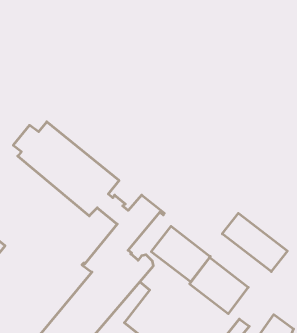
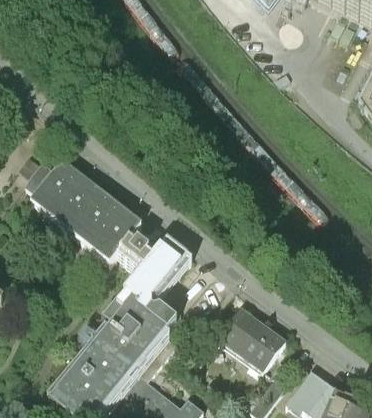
building: [222,213,287,272] -> none
building: [151,226,210,282] -> none

